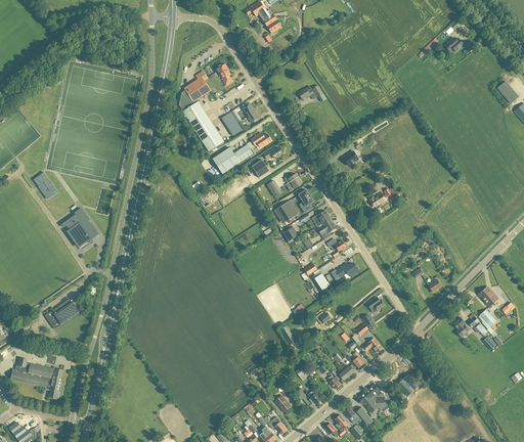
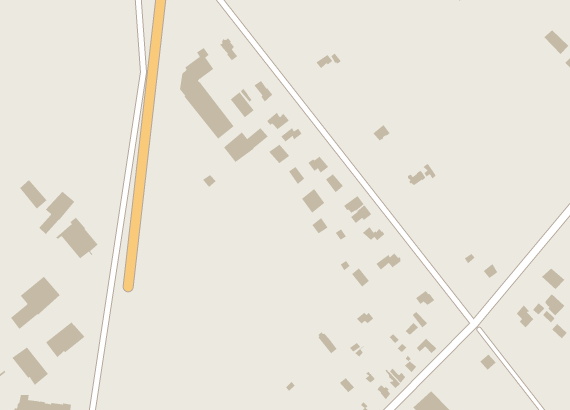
building: none -> [39,191,75,235]
building: none -> [10,276,61,330]
building: none -> [12,346,49,386]

